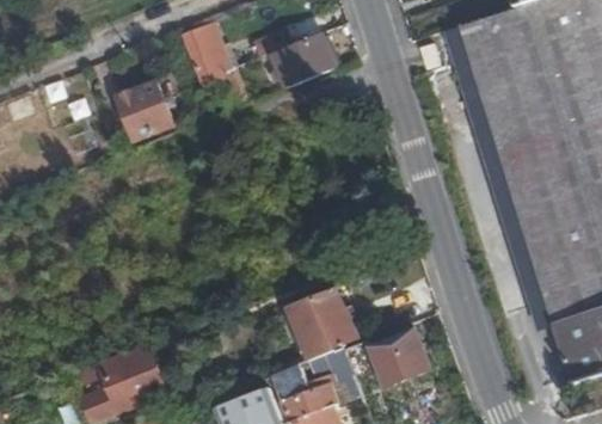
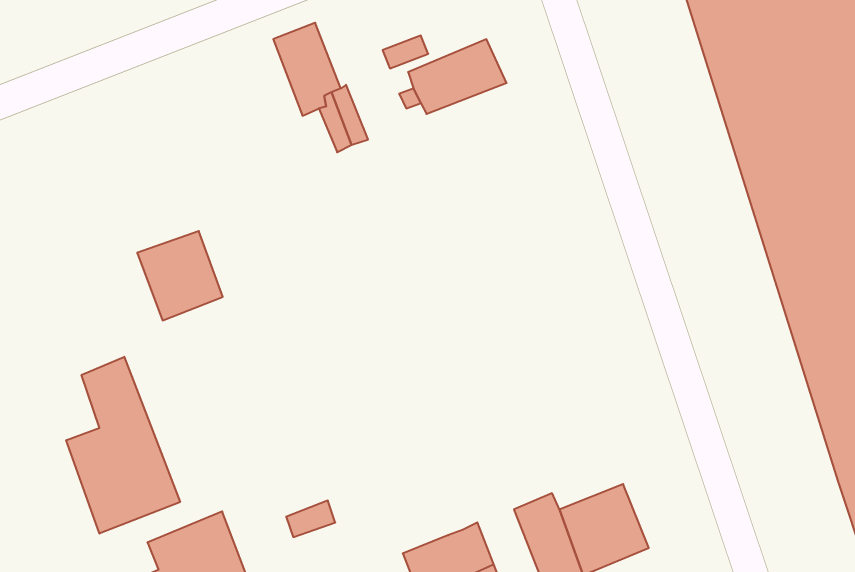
building: [119,81,176,140] -> [137,231,223,320]
building: none -> [66,357,180,534]
building: [290,289,354,357] -> none

